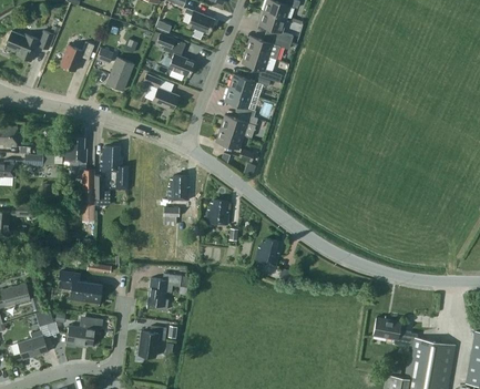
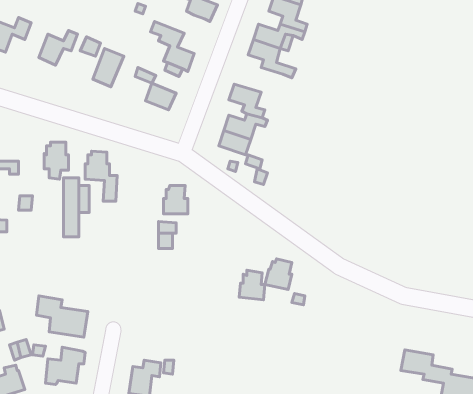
building: [228,73,270,95] -> none
building: [206,199,228,225] -> [239,270,265,300]
building: [146,274,181,311] -> none

